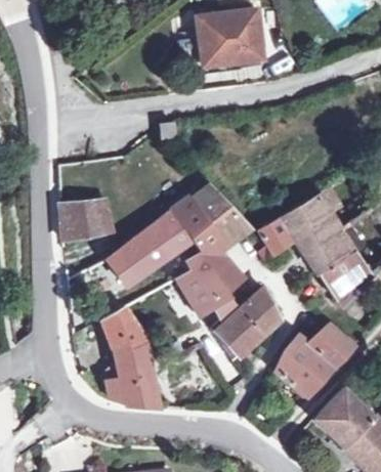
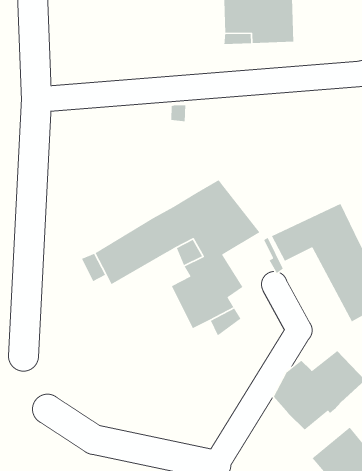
building: [61,200,104,239] -> none
building: [215,290,280,357] -> none
building: [104,307,160,406] -> none

